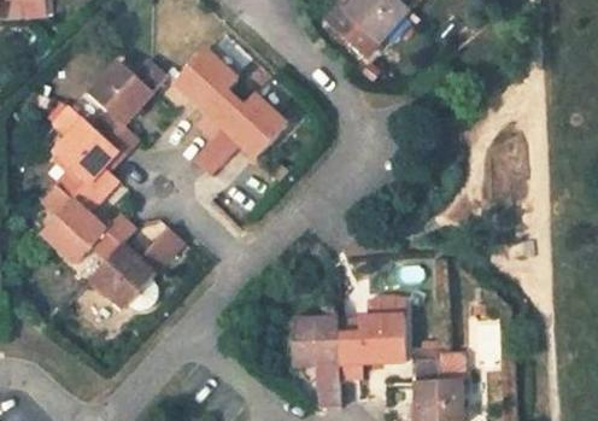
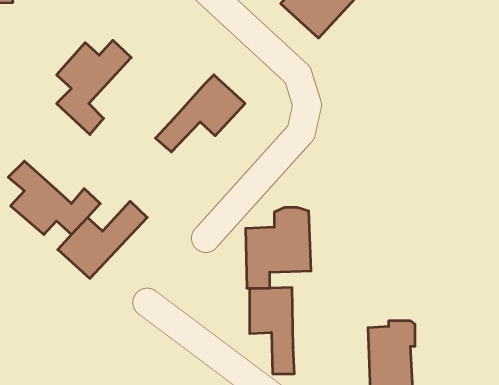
building: [174,48,245,140] -> none
building: [52,105,124,215] -> none
building: [336,296,405,380] -> [246,208,311,288]

